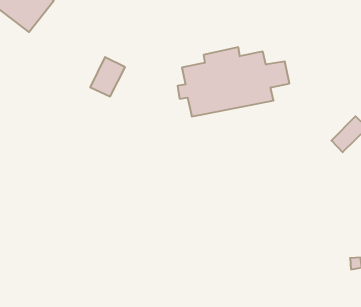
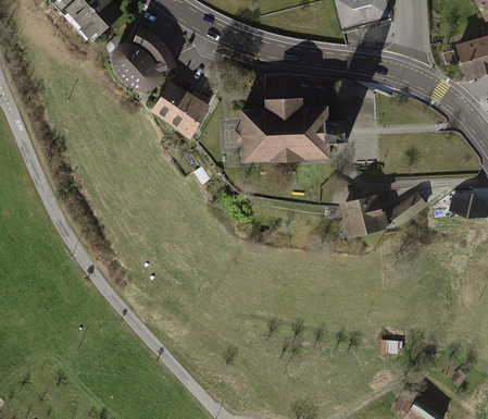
building: none -> [100,28,170,98]
building: none -> [162,98,202,140]
building: none -> [339,193,389,237]

